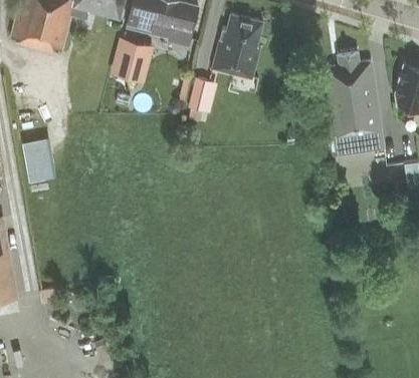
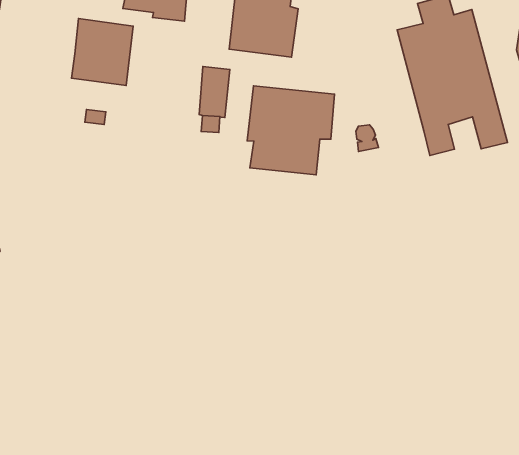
building: none -> [247,86,335,175]

